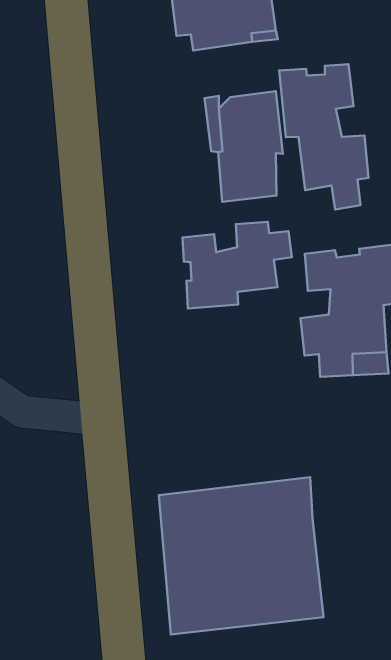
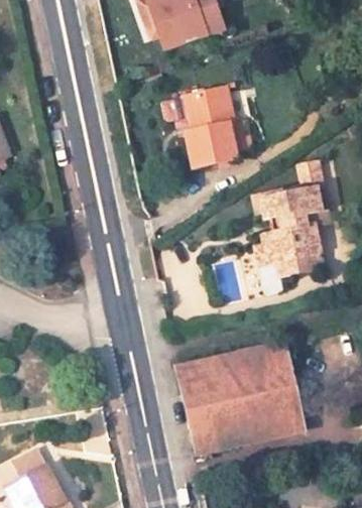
building: [279,64,368,209] -> none
building: [182,222,292,309] -> none

